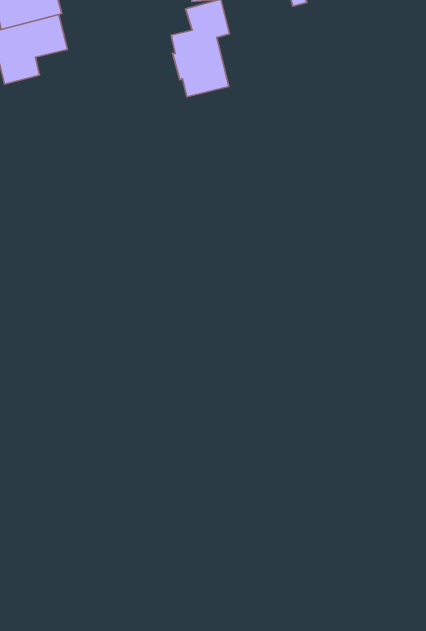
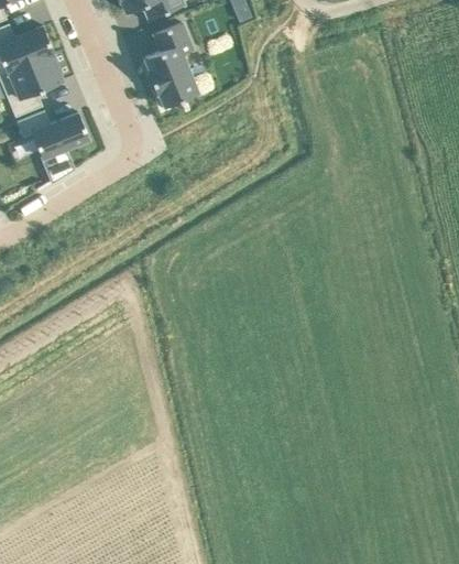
building: none -> [17,110,88,174]

